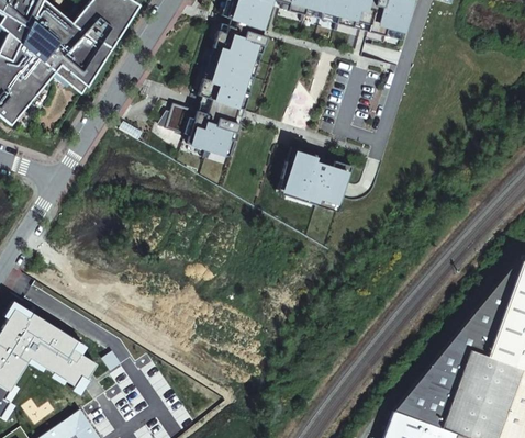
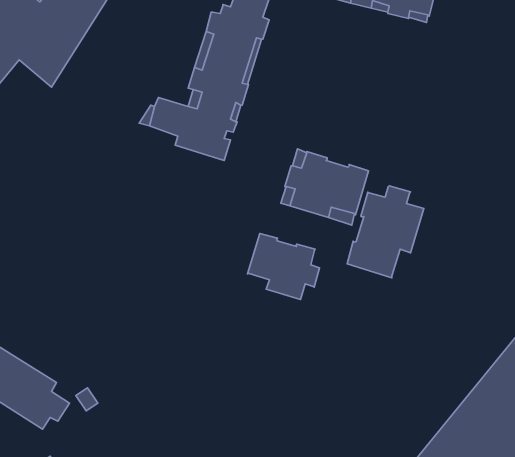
building: none -> [347,186,424,278]
building: none -> [248,233,320,300]

